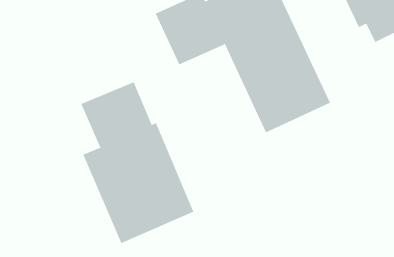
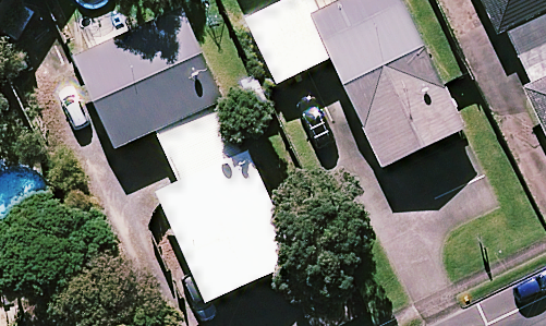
building: none -> [74,10,221,148]

